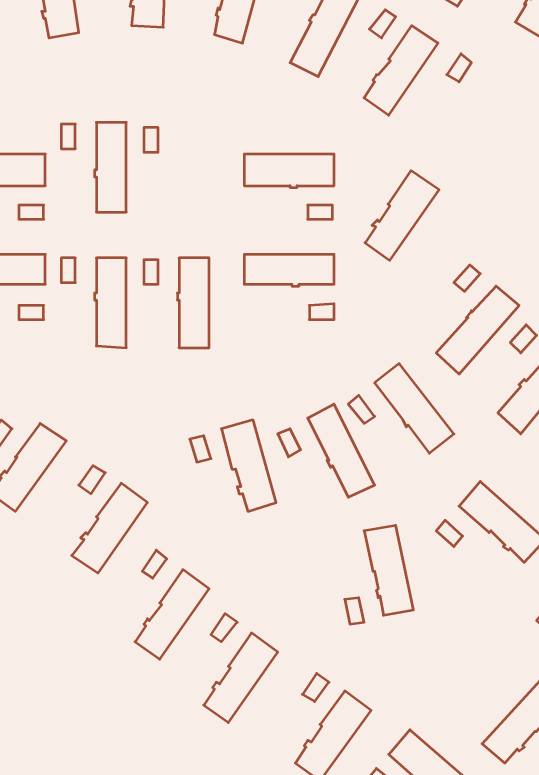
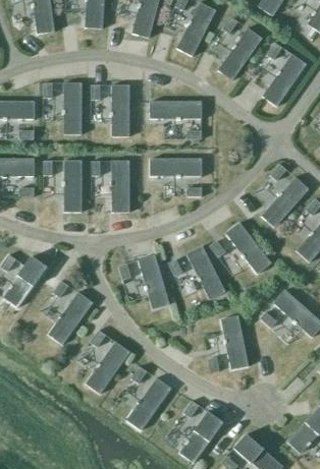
building: none -> [110,84,128,136]
building: [365,171,439,260] -> [263,53,306,105]

